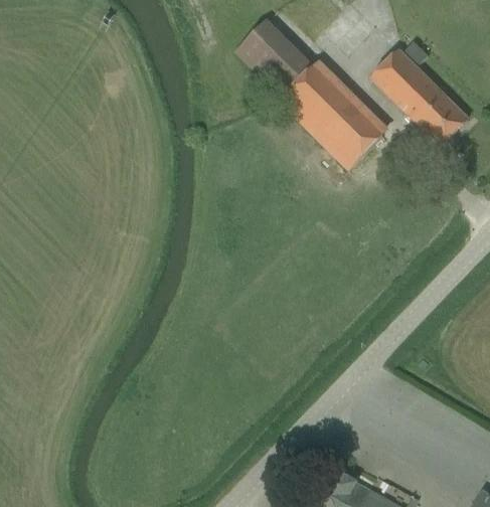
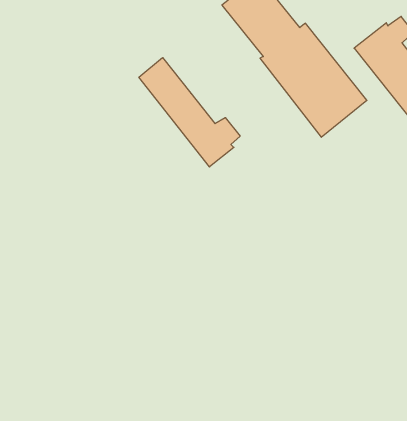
building: none -> [139,58,240,167]

